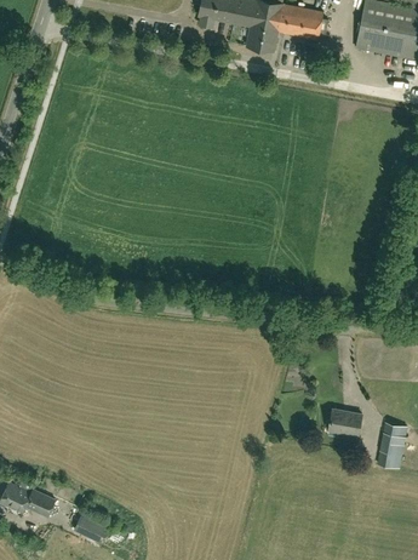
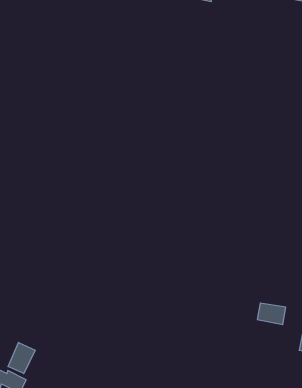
building: none -> [8,342,35,374]

